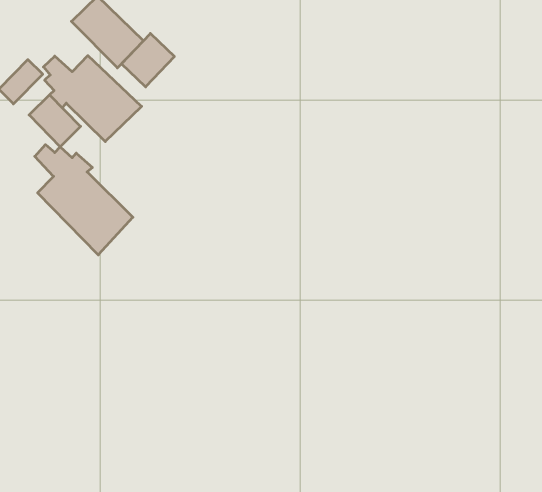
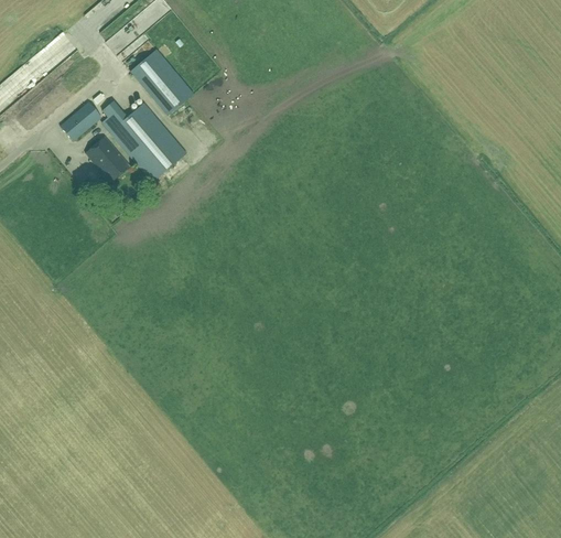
building: [122,33,174,87] -> none
building: [35,145,133,255] -> none

